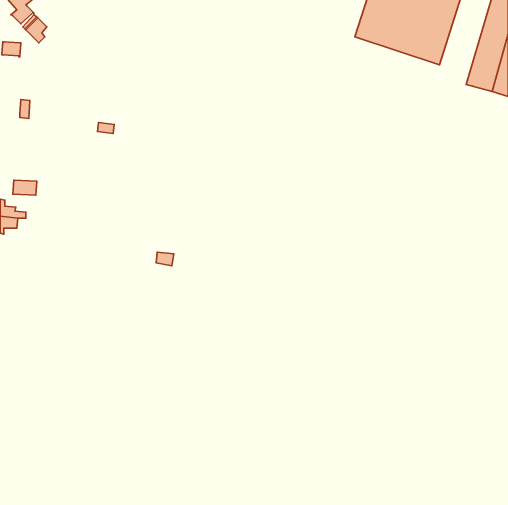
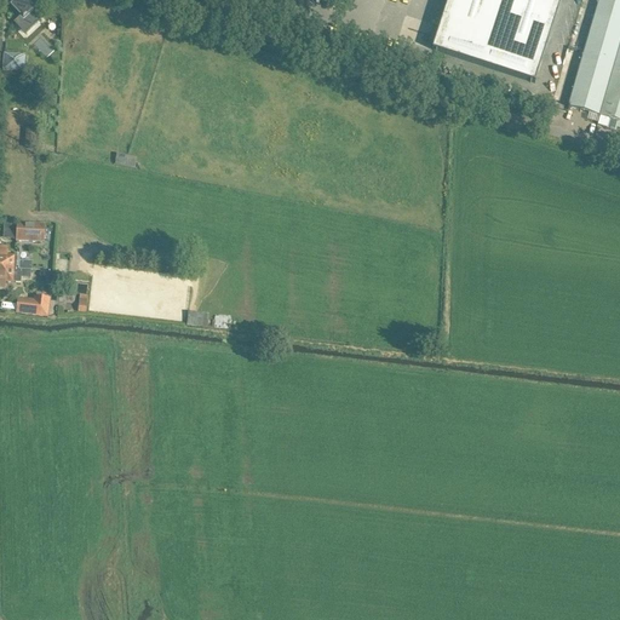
building: none -> [17,292,50,314]

